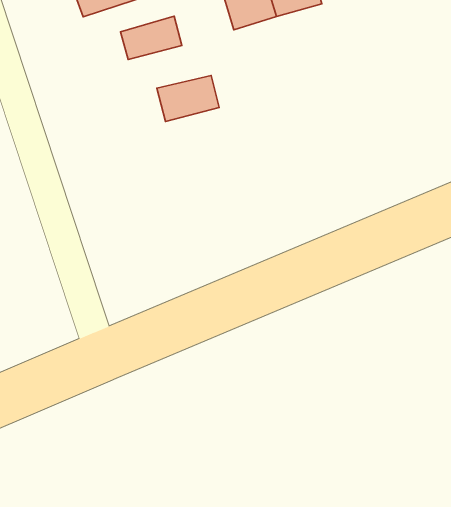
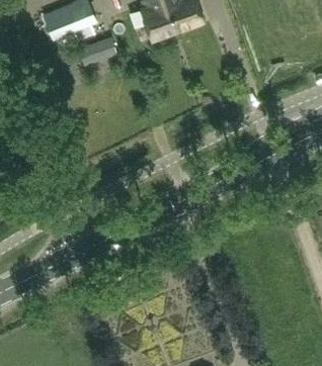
building: [157,76,219,121] -> none

